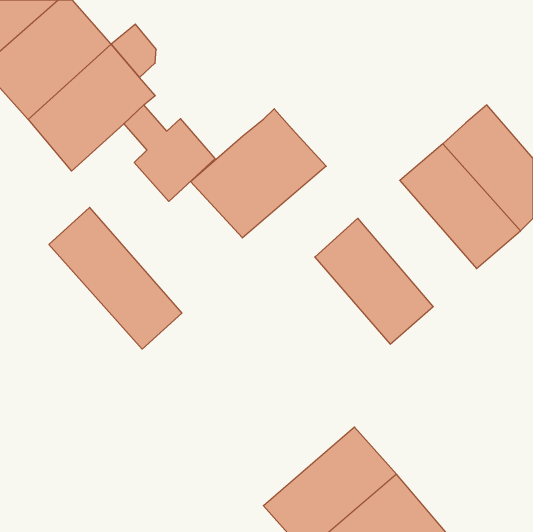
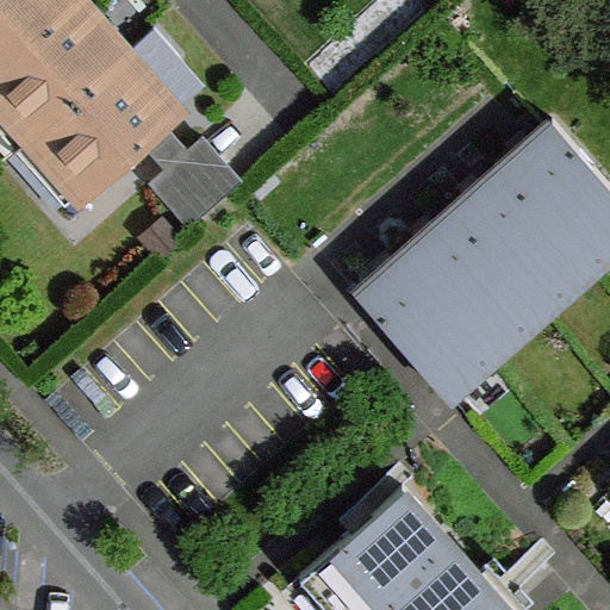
building: [190,109,326,238] -> none
building: none -> [406,210,541,353]
building: [49,207,182,349] -> none

